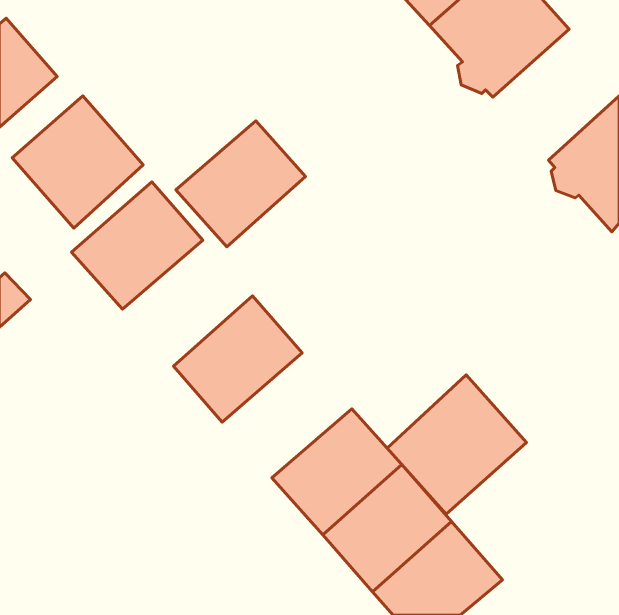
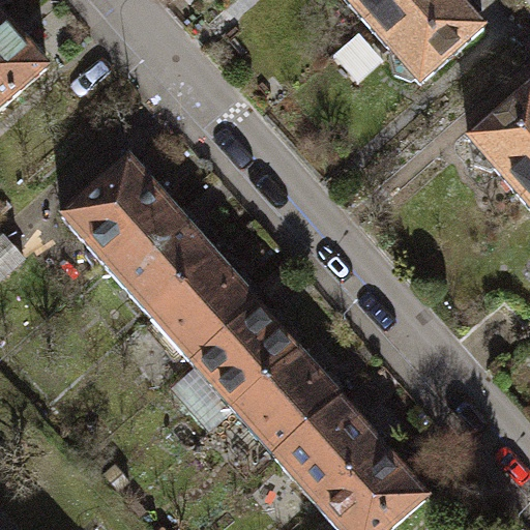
building: [12,96,143,228] -> none
building: [176,121,306,247] -> [105,205,215,313]
building: none -> [189,301,300,408]
building: [387,375,526,514] -> none

